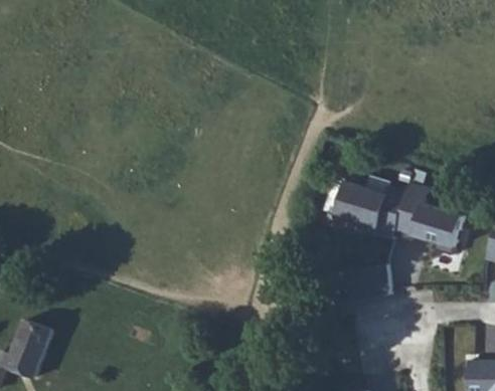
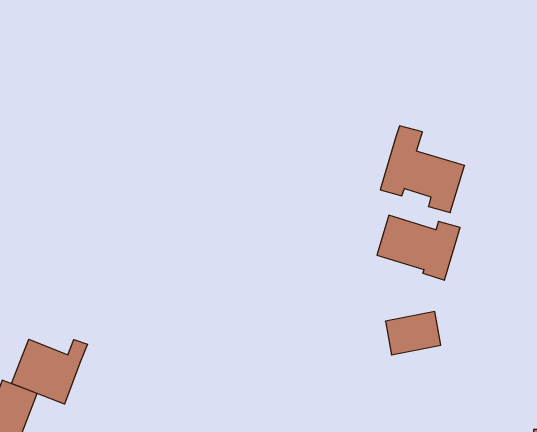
building: [393,183,464,255] -> [380,126,465,213]
building: none -> [12,339,88,404]

